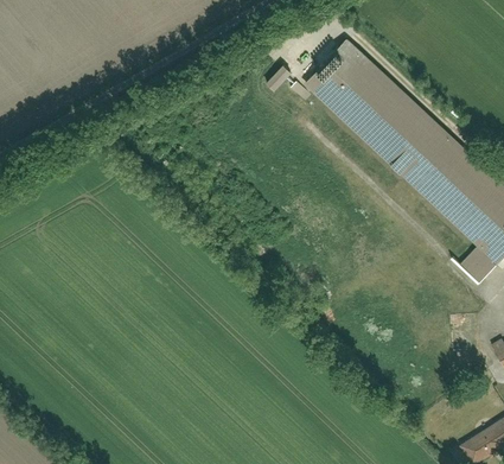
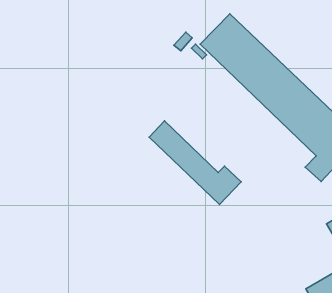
building: none -> [149,121,241,204]

